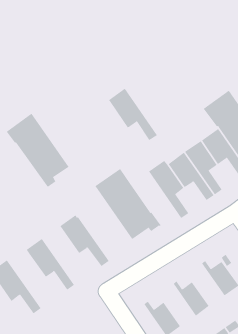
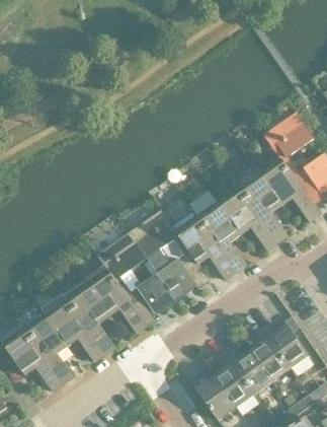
building: [108,88,158,141] -> [174,214,236,280]
building: [6,113,69,188] -> [96,232,175,326]
building: none -> [64,282,115,355]
building: none -> [25,316,74,384]
building: none -> [250,329,290,381]
building: none -> [215,354,254,407]

